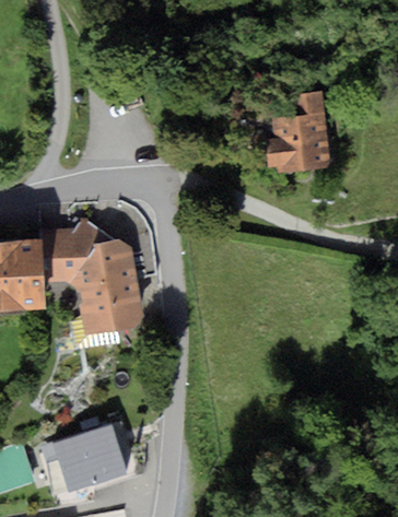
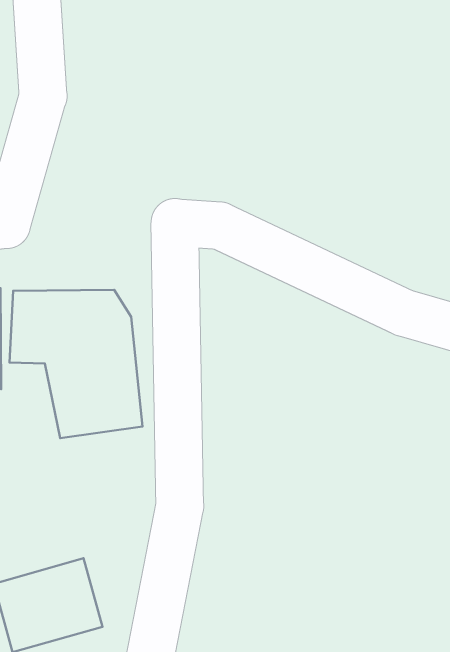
building: [268,90,329,168] -> none

